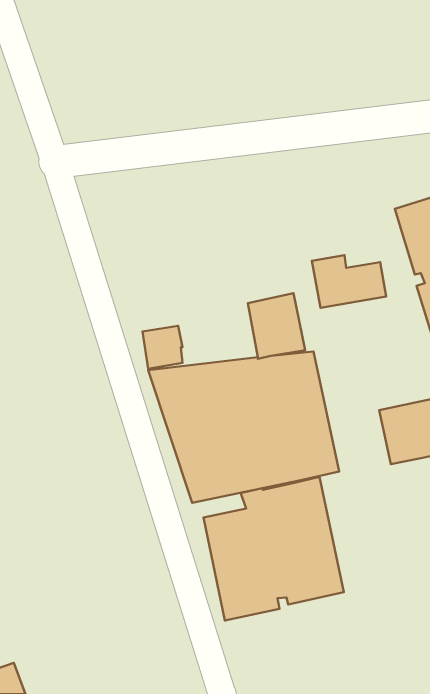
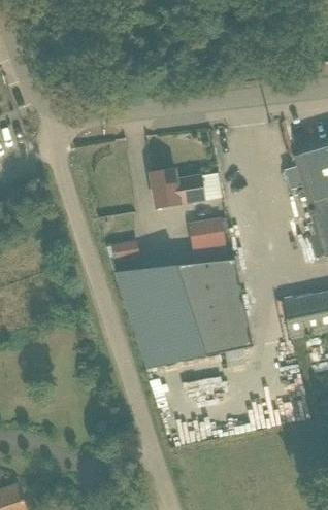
building: [312,255,386,308] -> [151,169,204,207]
building: [203,477,344,620] -> none

